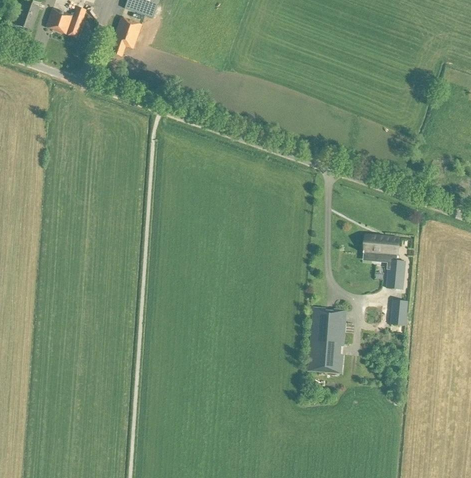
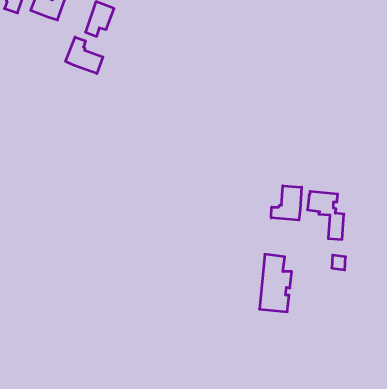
building: none -> [66,37,103,74]
building: none -> [271,186,302,220]

